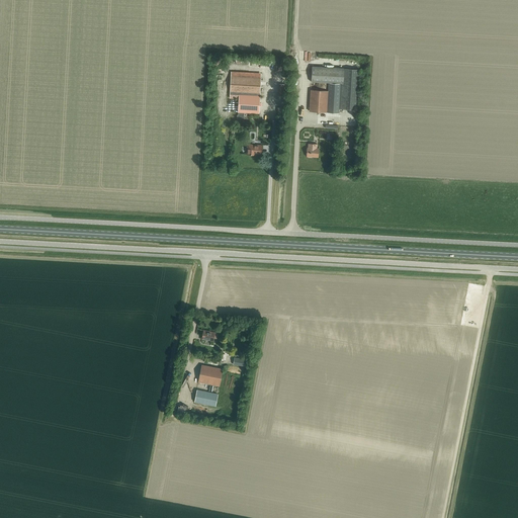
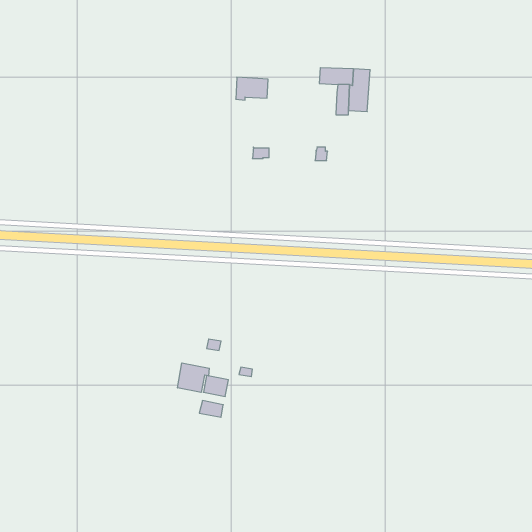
building: [309,89,327,111] -> none
building: [237,94,259,112] -> none
building: none -> [178,363,209,392]

